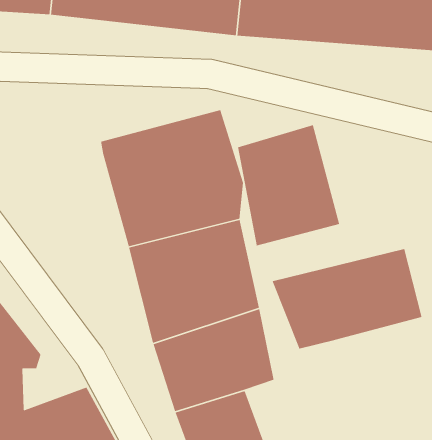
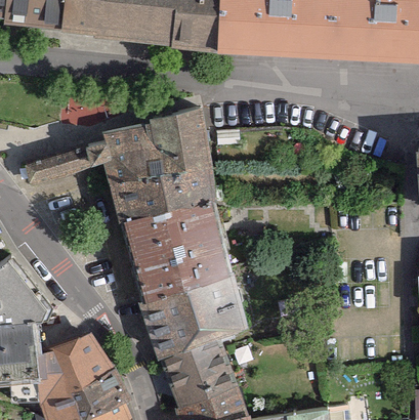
building: [237,124,340,247] -> none
building: none -> [27,144,108,191]
building: [272,248,422,349] -> none

